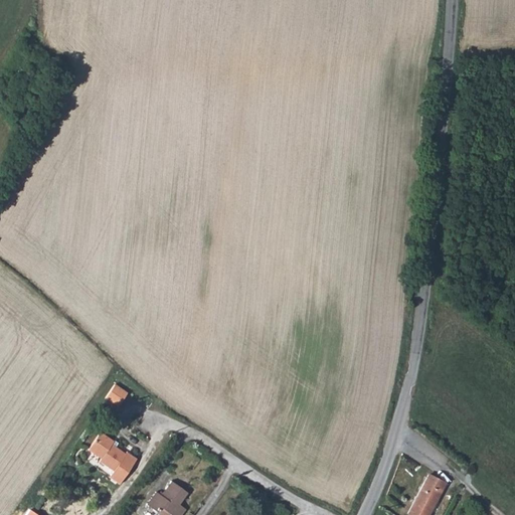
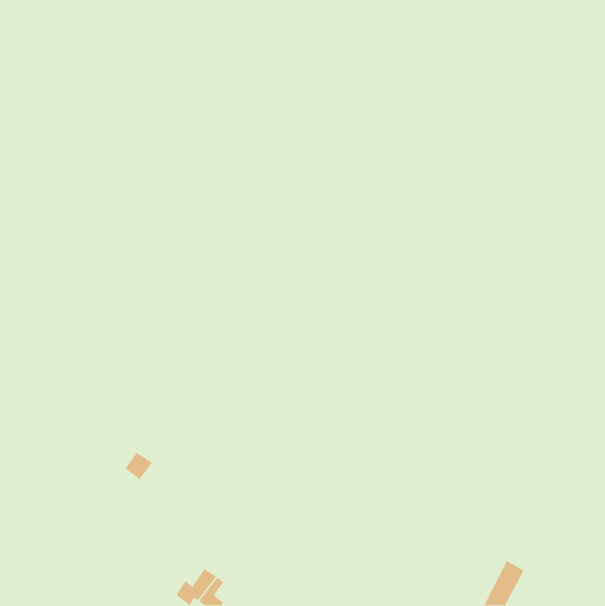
building: [85,433,135,485] -> none

